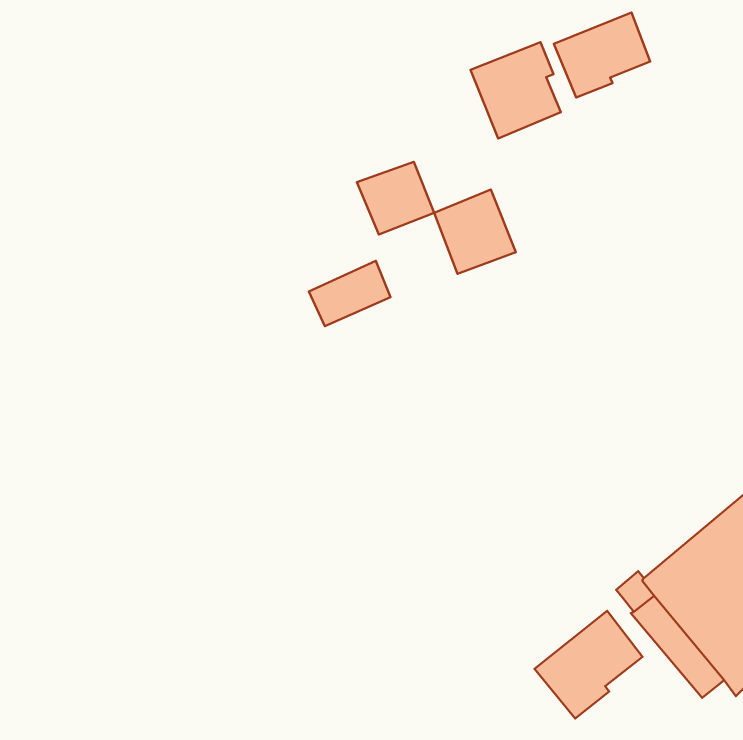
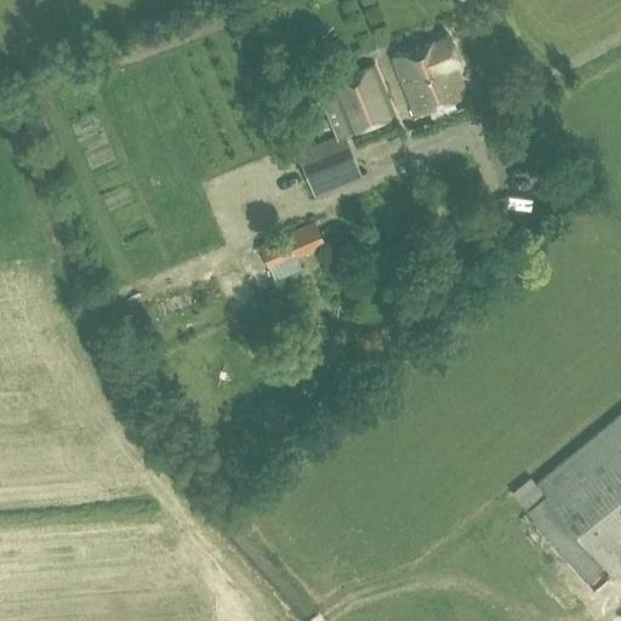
building: [554,13,650,98] -> none
building: [434,189,516,274] -> [330,67,398,137]
building: [534,611,642,718] -> none

